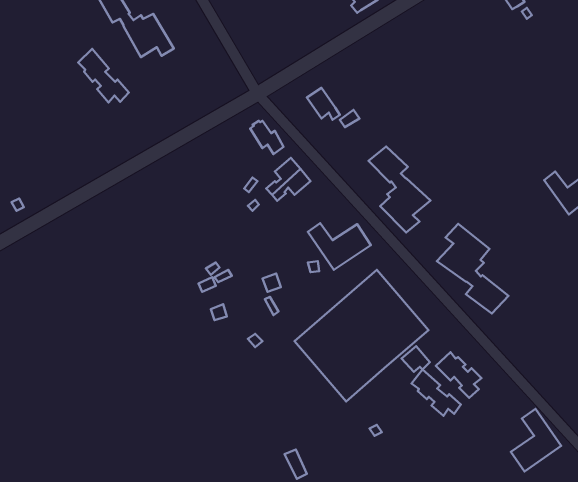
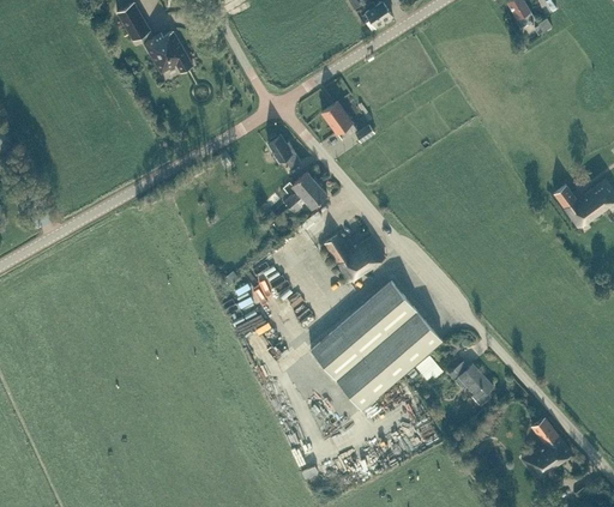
building: [78,49,129,102] -> none
building: [368,146,430,233] -> none
building: [437,224,508,313] -> none
building: [412,369,461,416] -> none

